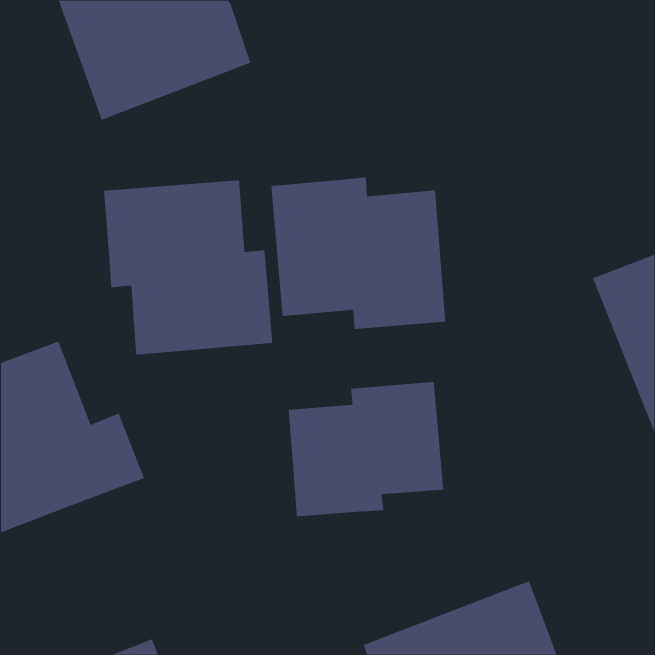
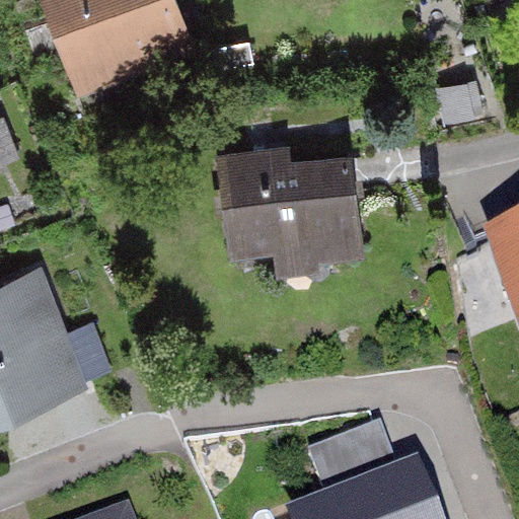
building: [104,180,273,356] -> none
building: [288,381,444,517] -> none

